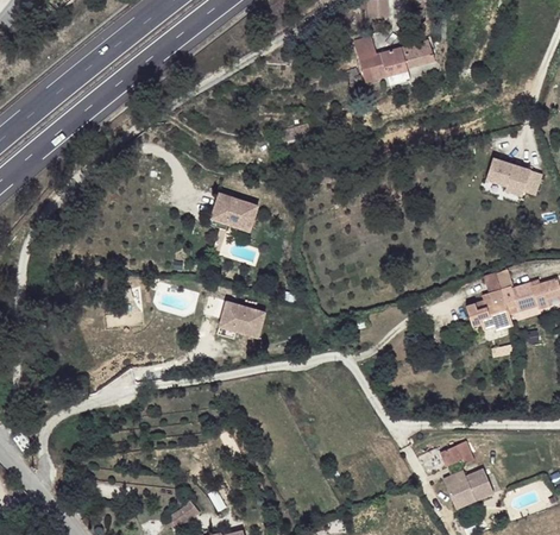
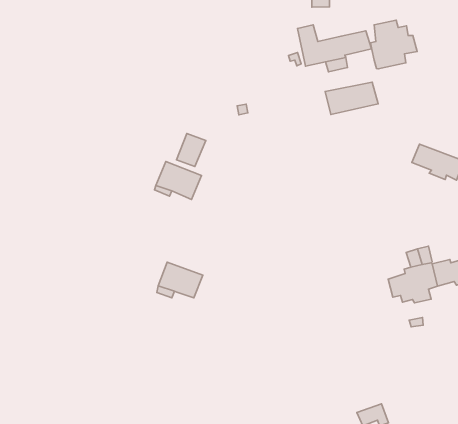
building: none -> [371,20,417,69]
building: none -> [325,82,378,114]
building: none -> [176,133,206,167]

